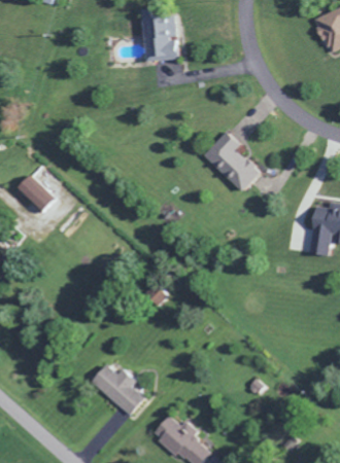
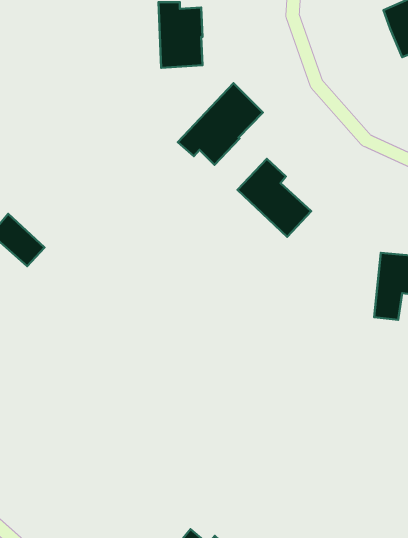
building: none -> [178,83,263,165]
building: [92,364,145,416] -> none

